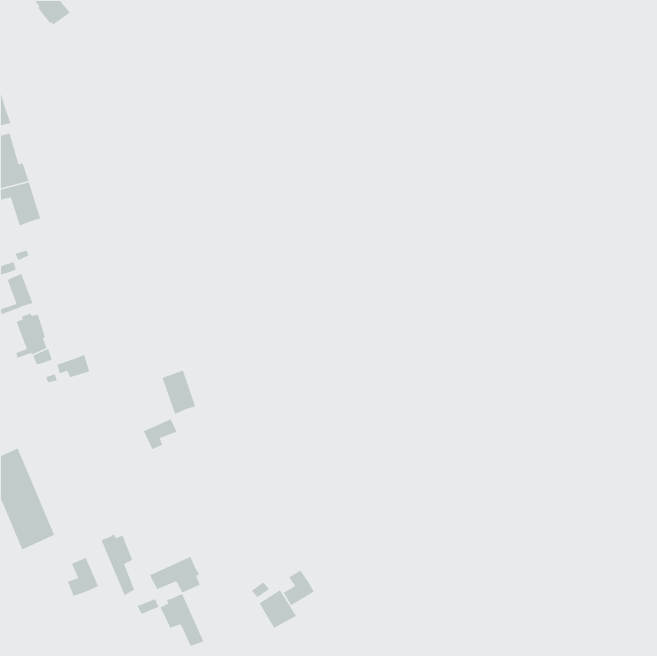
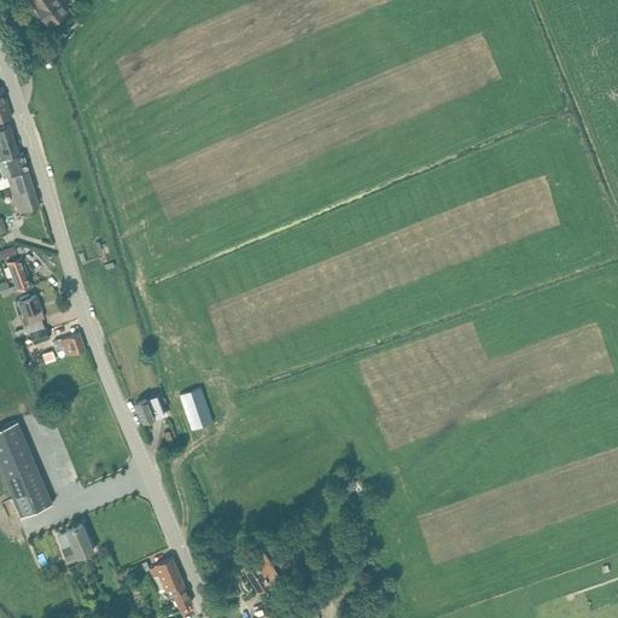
building: [161,370,196,415] -> [179,389,211,431]
building: [101,533,135,596] -> none
building: [149,556,201,593] -> none
building: [282,569,315,606] -> none

